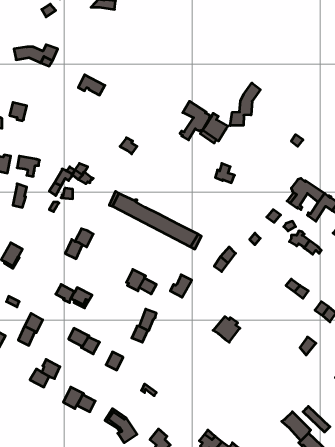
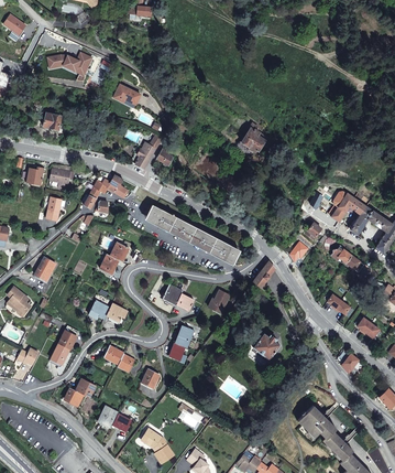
building: [230,83,260,126] -> none
building: [180,101,209,140] -> none
building: none -> [130,133,163,169]
building: none -> [297,405,336,439]

